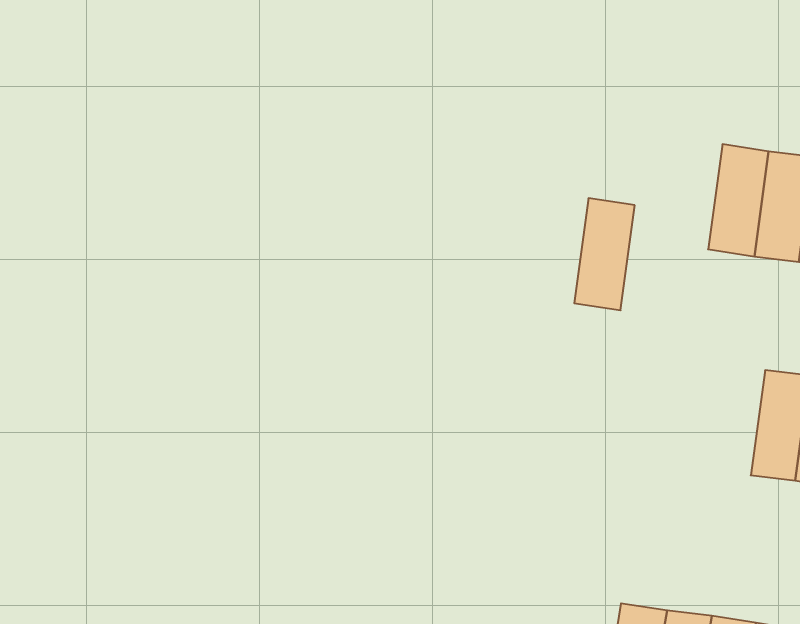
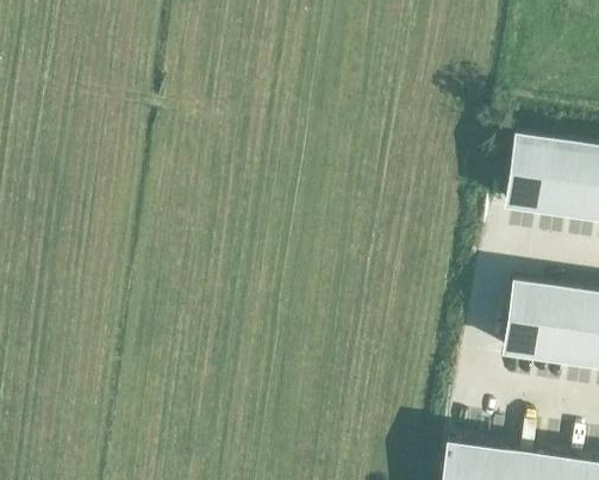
building: [574,198,635,310] -> [505,281,545,356]

